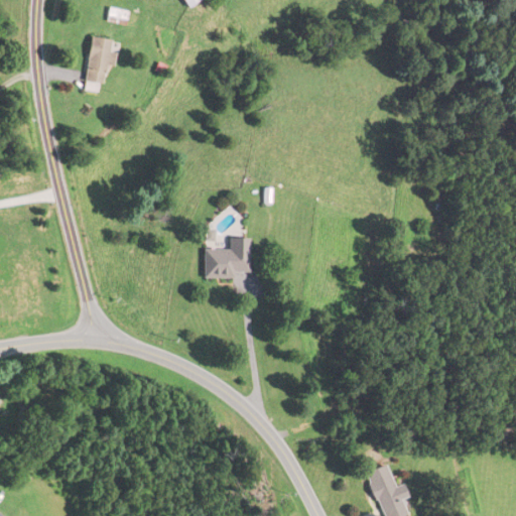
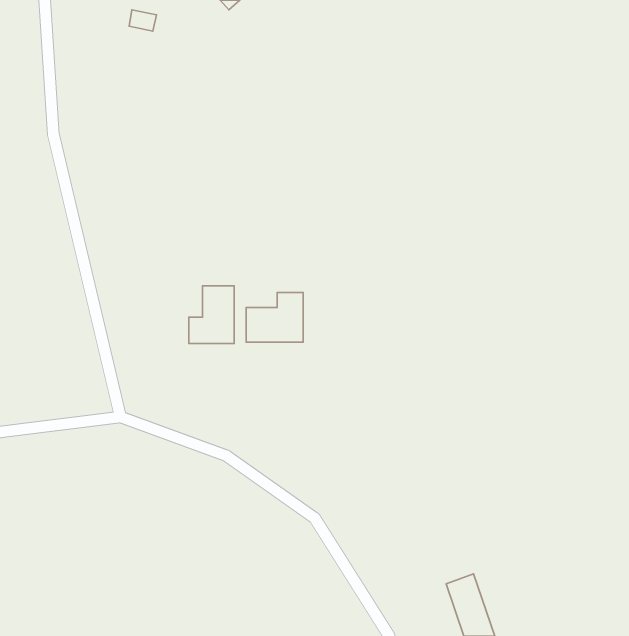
building: [86,37,116,92] -> none
building: none -> [189,286,234,344]

